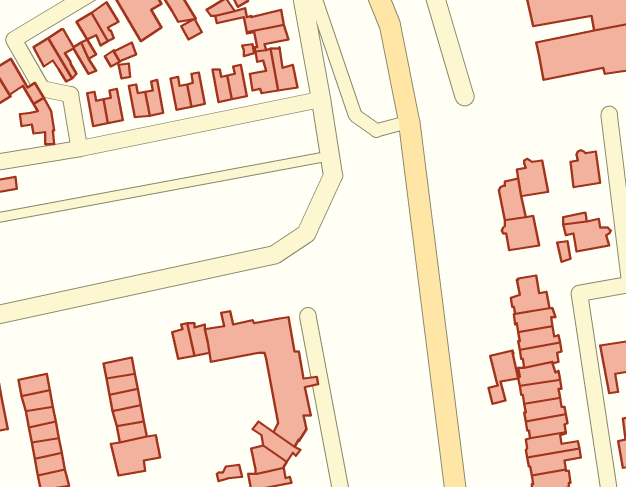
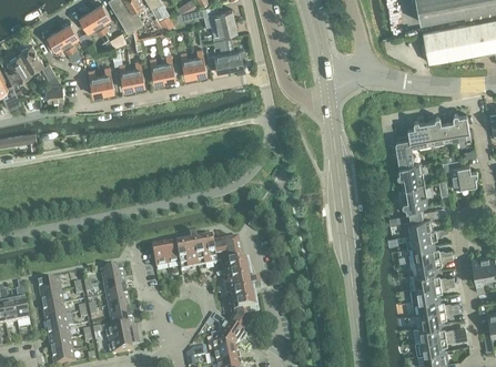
building: none -> [427,118,451,145]
building: none -> [403,185,428,211]
building: [488,350,518,404] -> none

